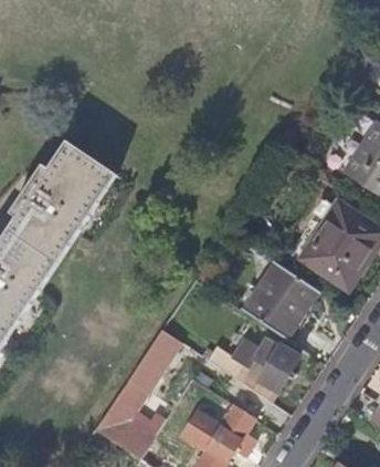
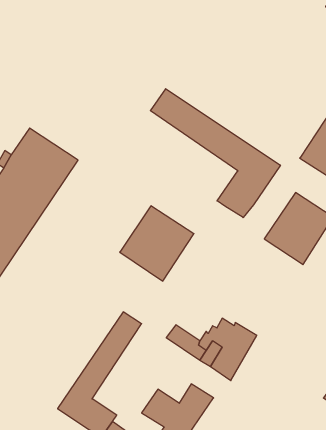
building: none -> [150,89,280,218]
building: [243,260,319,338] -> [120,206,194,281]

